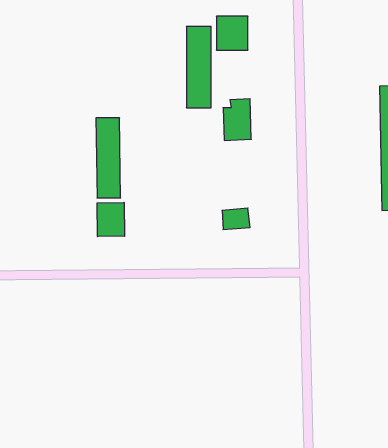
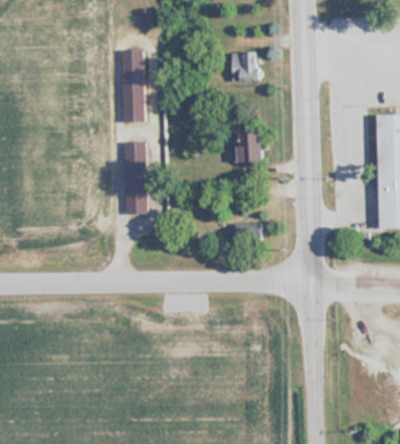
building: [186,26,211,108] -> [122,51,144,124]
building: [97,202,125,237] -> none

